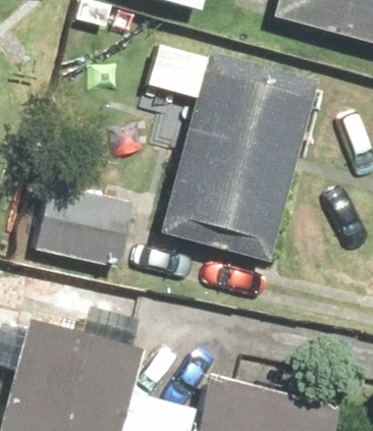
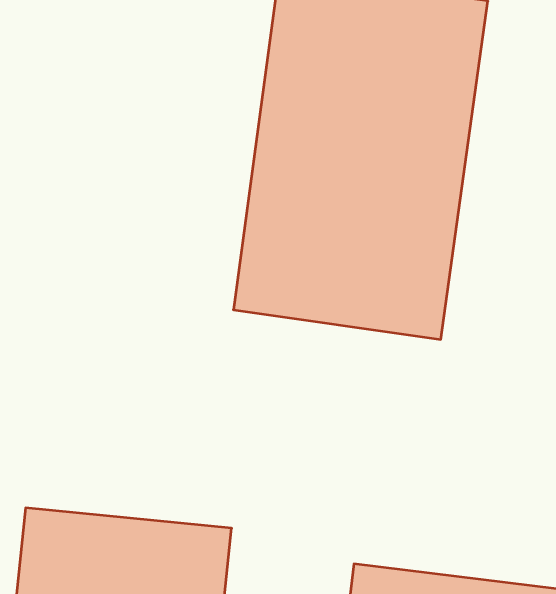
building: [32,185,129,263] -> none

